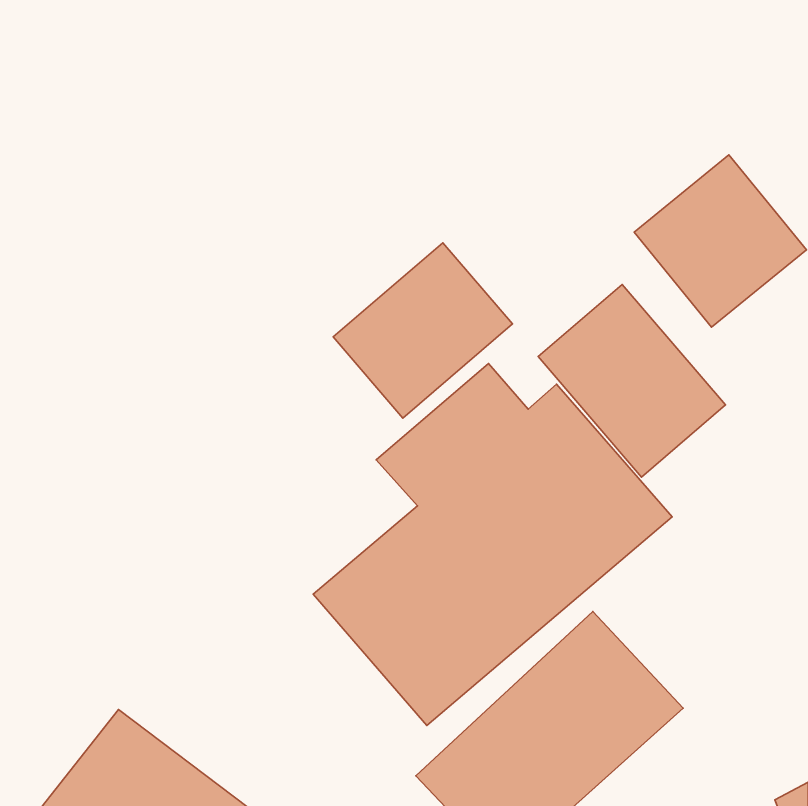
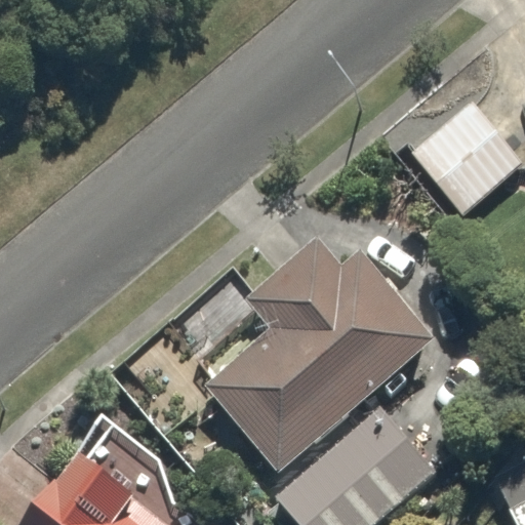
building: [333,243,513,418] -> none
building: [538,285,725,477] -> none

